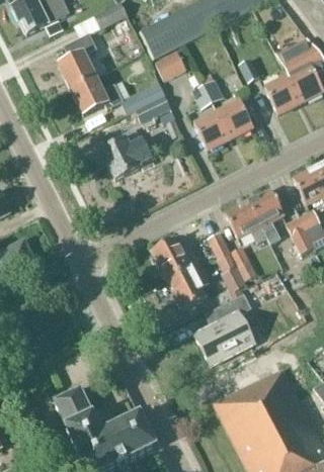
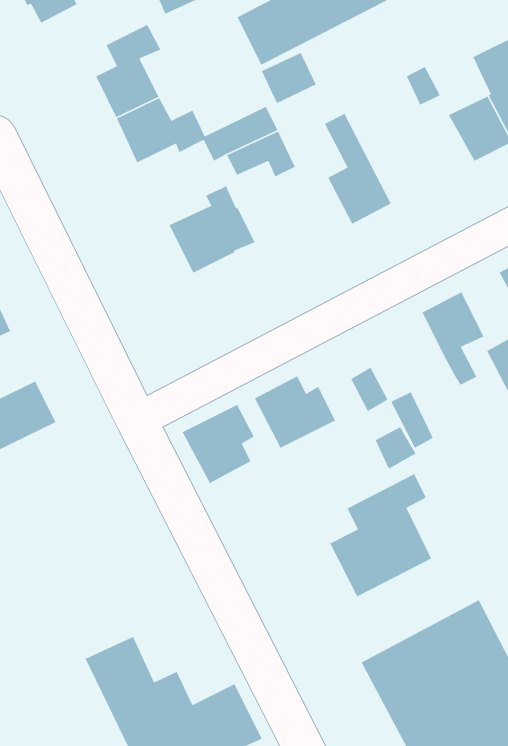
building: [204,80,253,138] -> none
building: [225,201,267,244] -> none
building: [166,264,209,310] -> [182,404,255,484]

